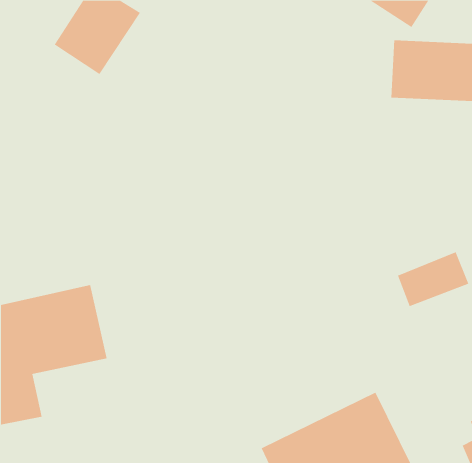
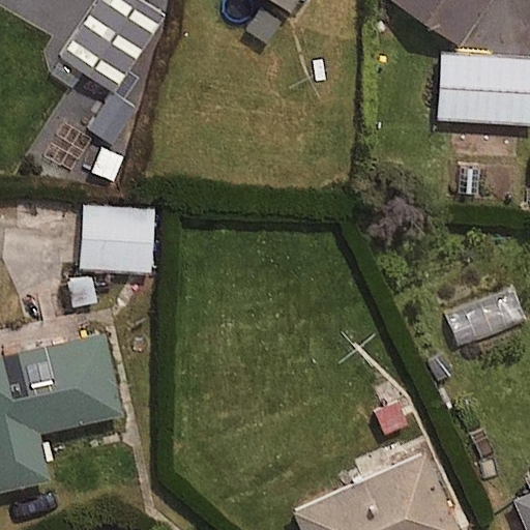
building: none -> [81,212,152,274]

